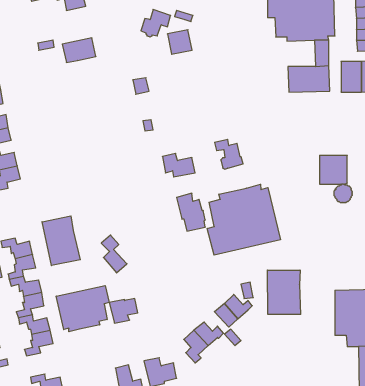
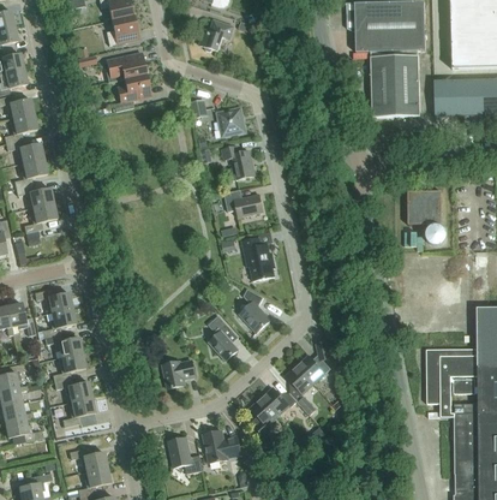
building: none -> [106,14,138,44]
building: [167,30,192,54] -> [216,106,245,135]
building: none -> [370,54,403,85]
building: none -> [113,73,150,111]
building: [215,139,243,169] -> [221,144,255,179]
building: [207,184,280,255] -> none
building: [42,216,80,266] -> none
building: [101,235,127,273] -> [206,314,236,358]
building: none -> [238,287,269,331]
building: [267,270,301,314] -> none
building: [56,286,109,332] -> none

